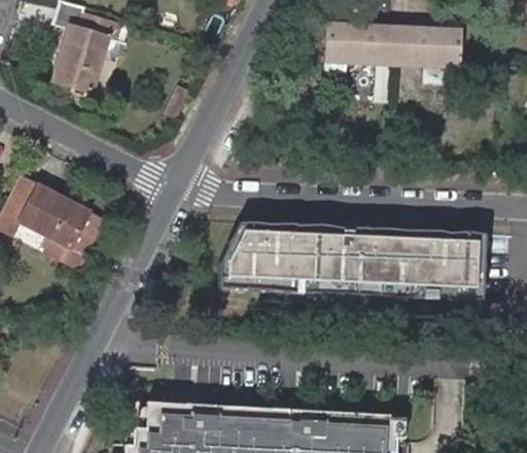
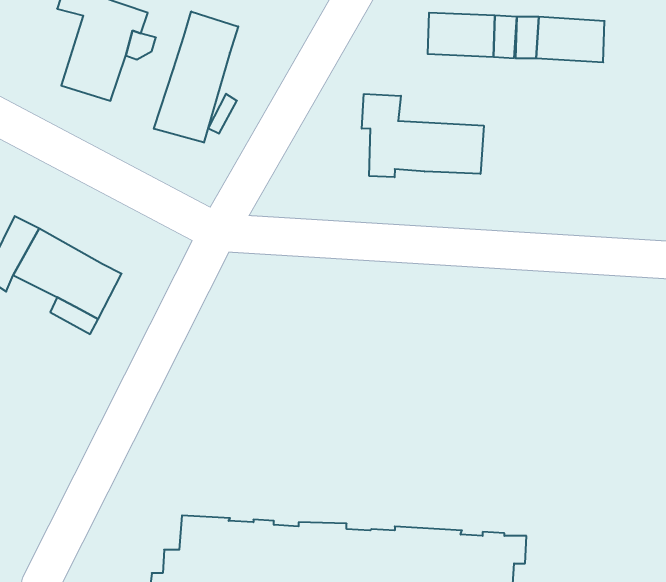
building: none -> [154,11,238,143]
building: none -> [362,94,484,177]
building: [226,230,484,289] -> none

